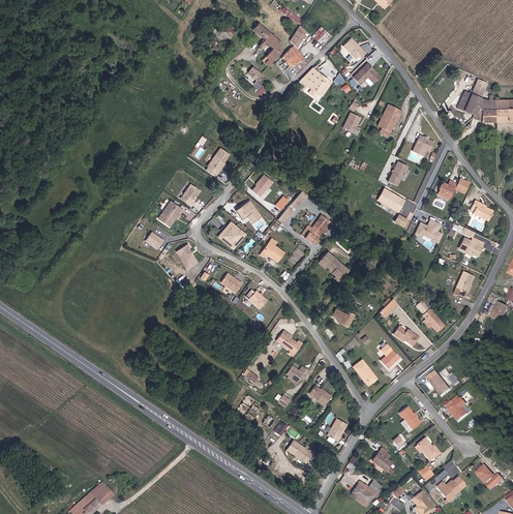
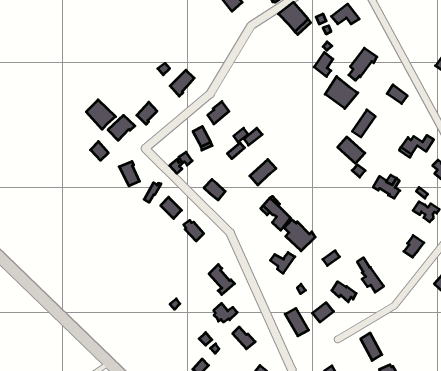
building: none -> [325,76,358,109]
building: none -> [86,100,116,129]
building: none -> [284,220,315,251]

